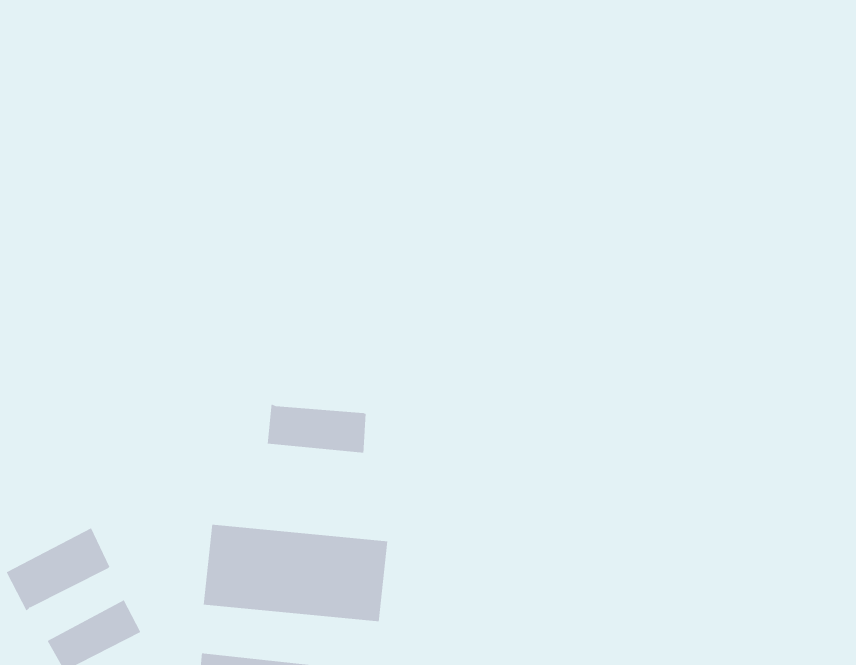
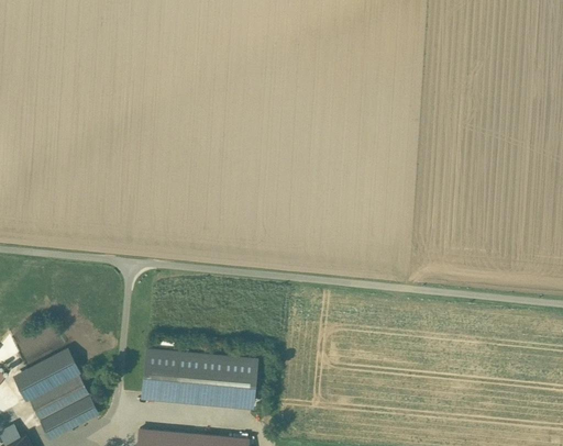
building: [267,404,366,454] -> none
building: none -> [27,375,88,421]

